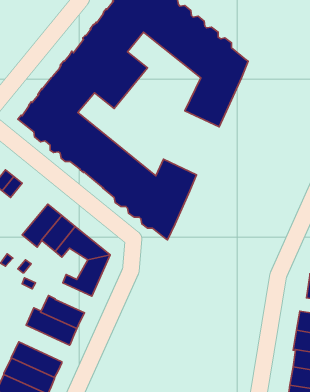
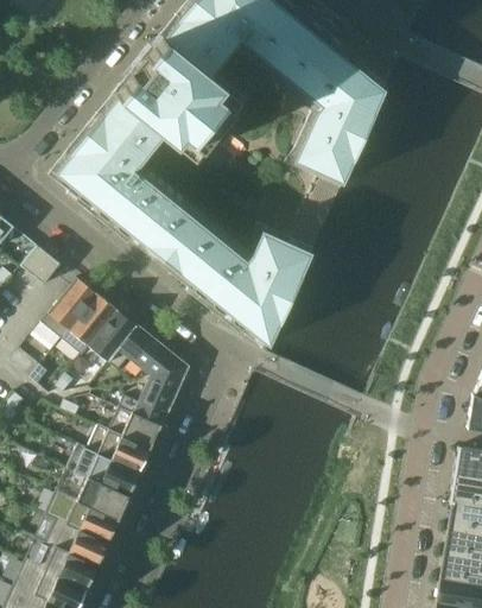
building: none -> [42,278,99,338]
building: none -> [109,407,161,450]
building: none -> [57,468,129,520]

